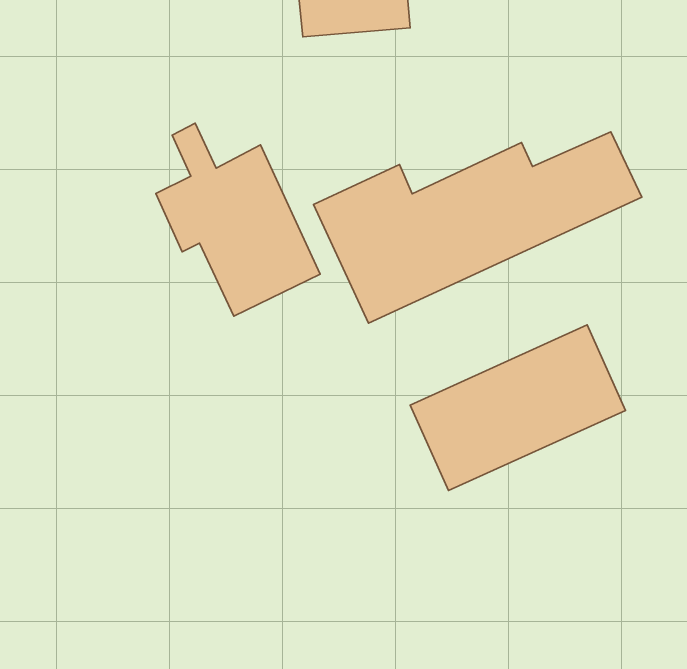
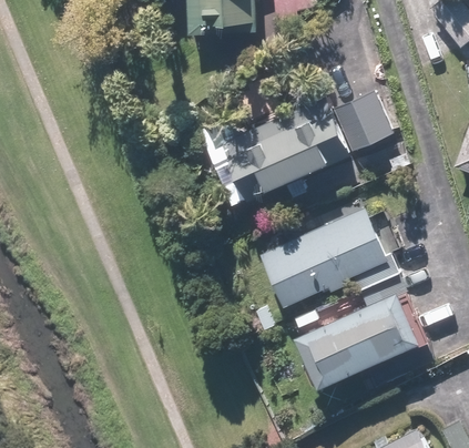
building: [156,123,320,316] -> none
building: none -> [289,295,418,394]

